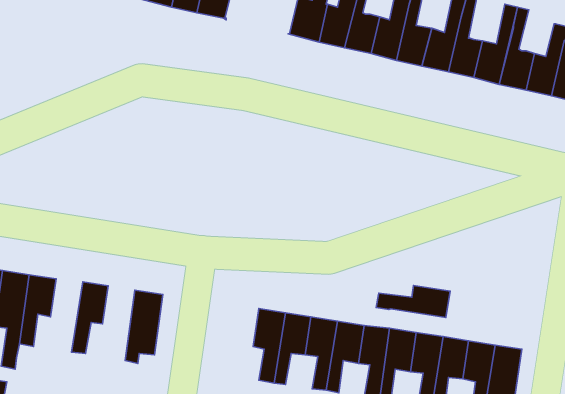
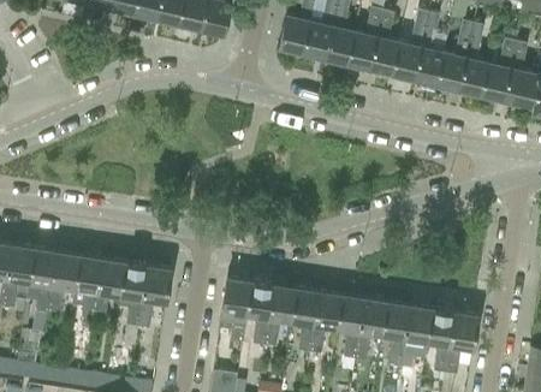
building: none -> [70,256,102,319]
building: [376,285,450,318] -> none
building: none -> [118,262,147,346]
building: none -> [221,278,252,341]

